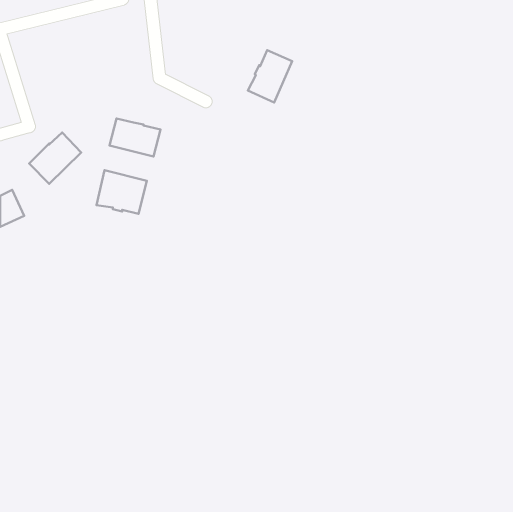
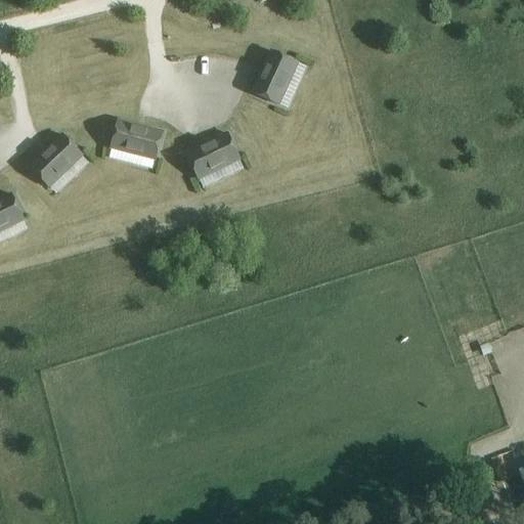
building: none -> [186,133,241,179]
building: [96,170,147,214] -> none

